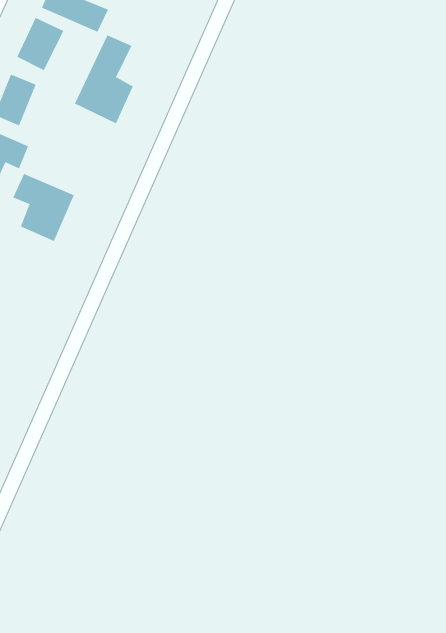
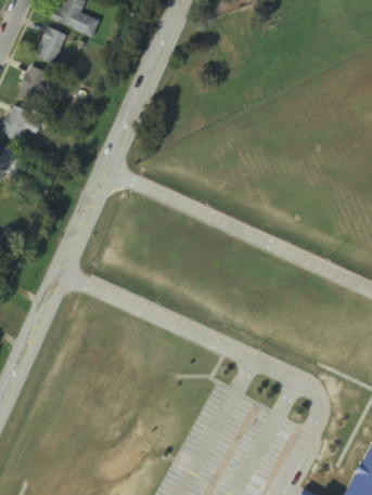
building: [74,35,133,124] -> none
building: [13,173,74,242] -> none

